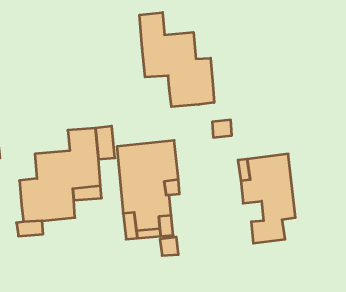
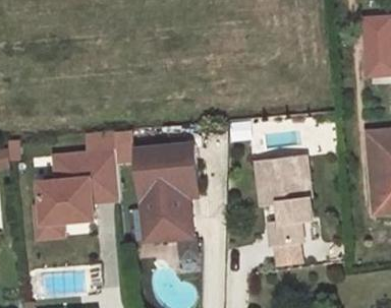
building: [140,12,214,107] -> none

